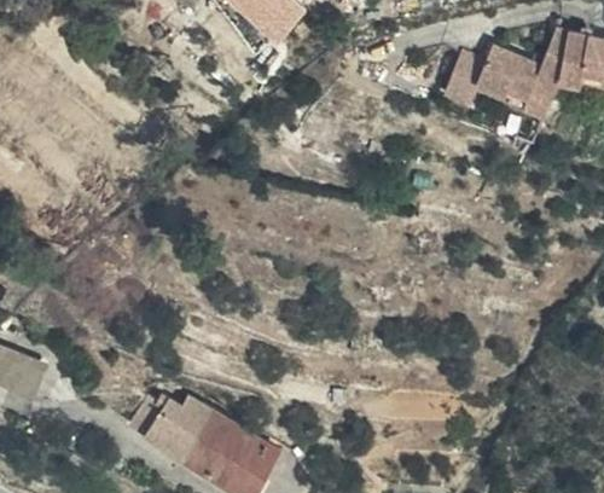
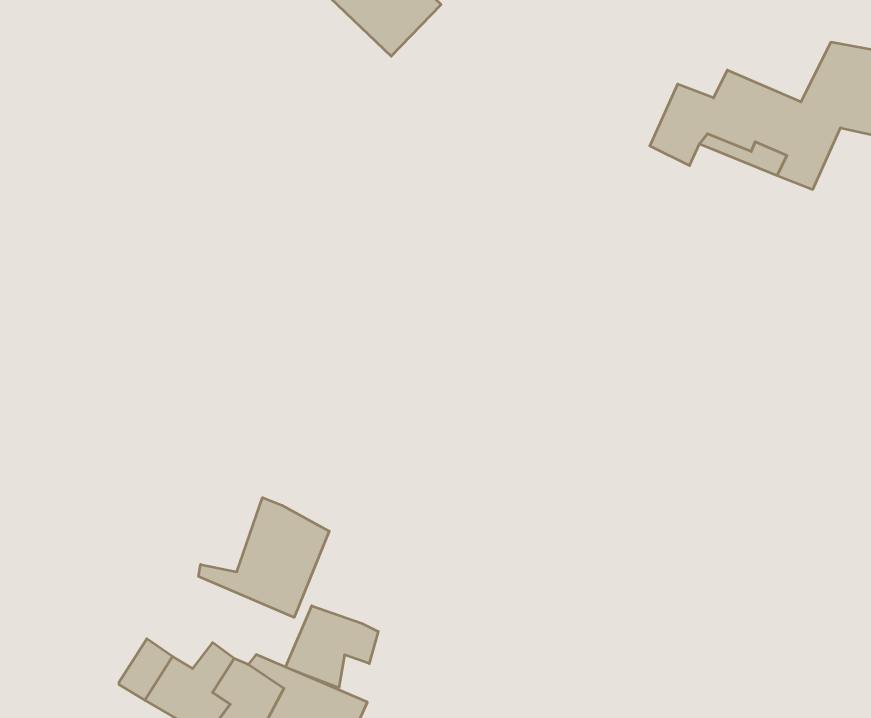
building: none -> [199,498,329,617]
building: none -> [285,606,378,688]

